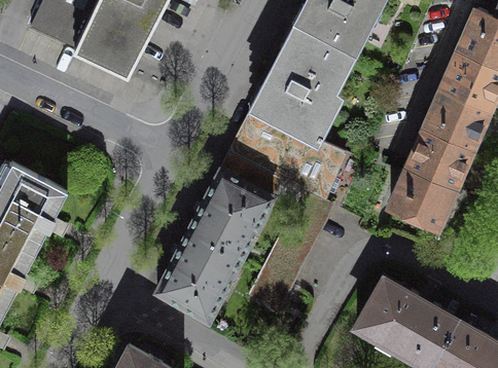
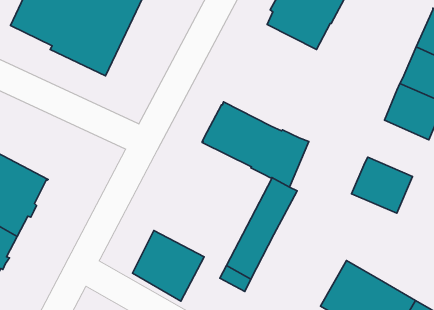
building: [253,27,353,147] -> none
building: [407,128,472,188] -> none
building: [180,152,284,273] -> none

